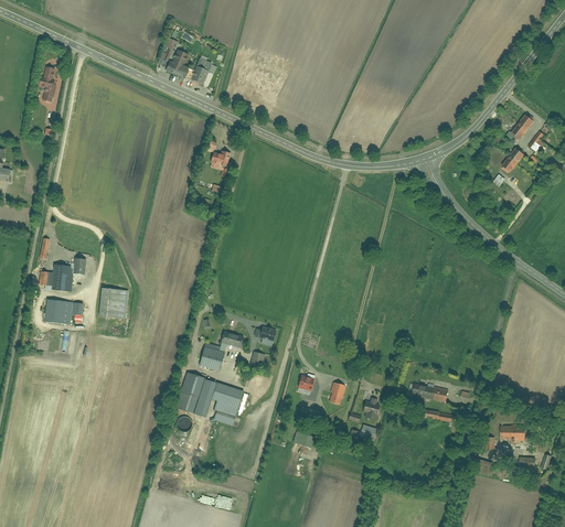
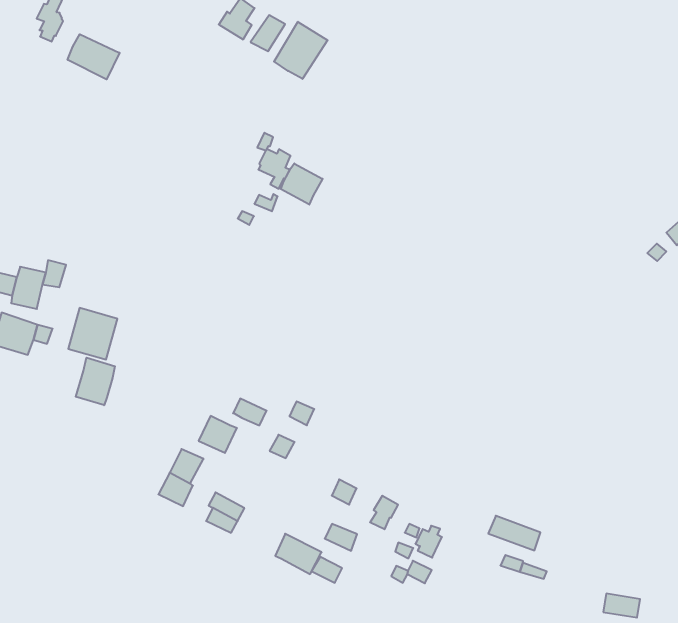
building: none -> [274,22,328,79]
building: none -> [68,34,120,79]
building: none -> [281,163,323,205]
building: none -> [76,358,115,405]
building: [212,381,244,407] -> [275,534,322,574]

